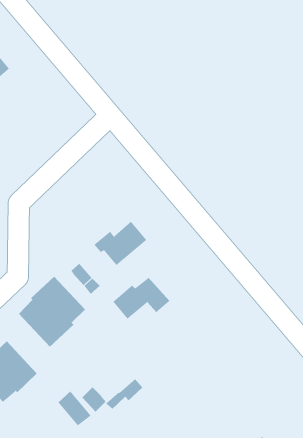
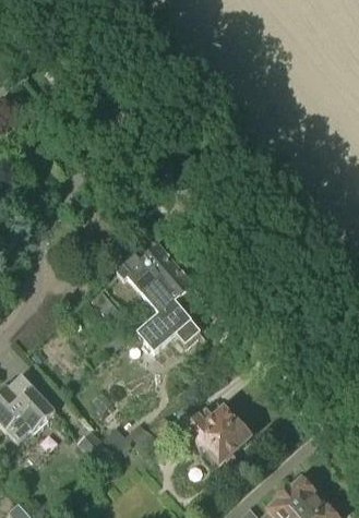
building: none -> [140,264,195,316]
building: [18,276,86,347] -> none
building: none -> [178,402,248,469]

